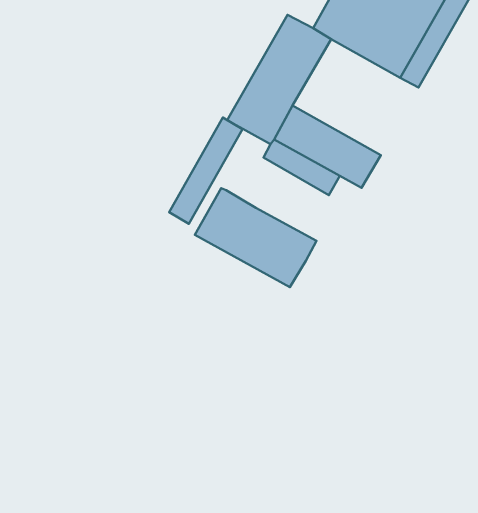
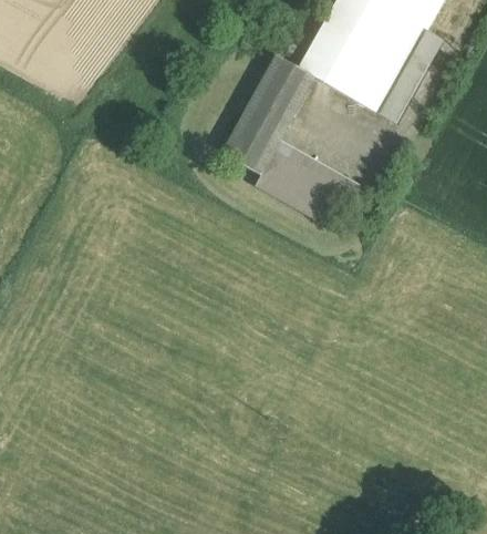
building: [169,118,242,224] -> none
building: [195,188,316,287] -> none

